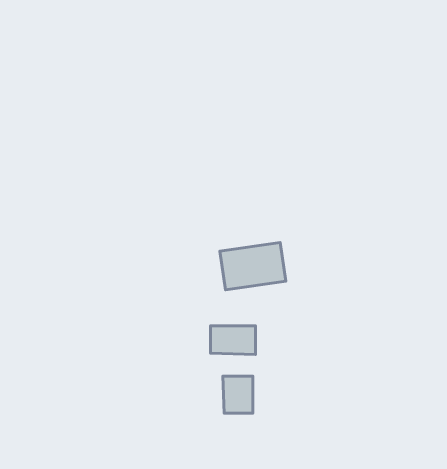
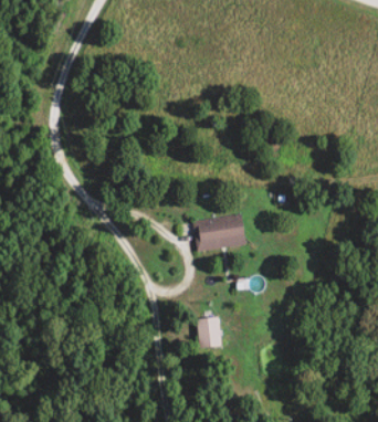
building: [210,326,256,355] -> none

